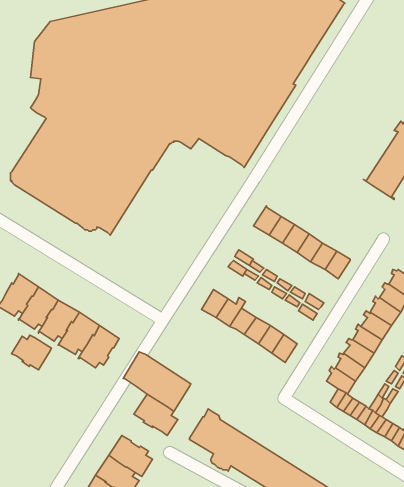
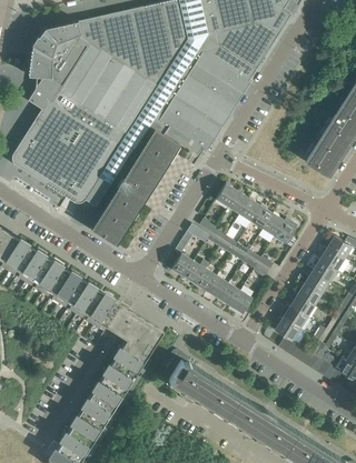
building: none -> [90,130,179,245]
building: [12,335,52,370] -> none
building: none -> [86,294,119,330]
building: none -> [105,358,140,392]

